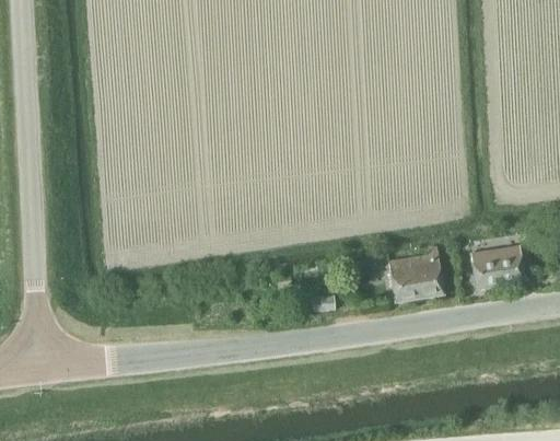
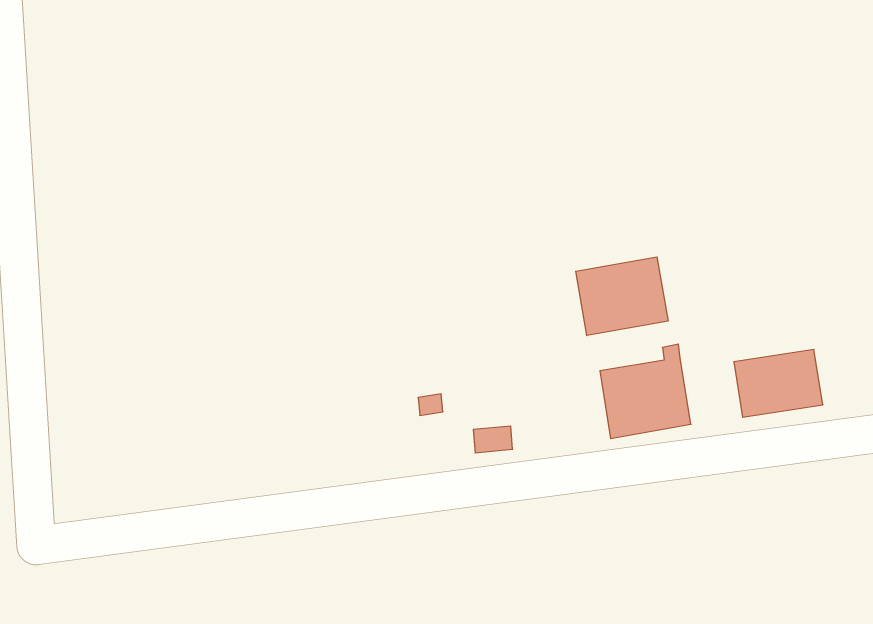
building: none -> [576,257,668,336]

